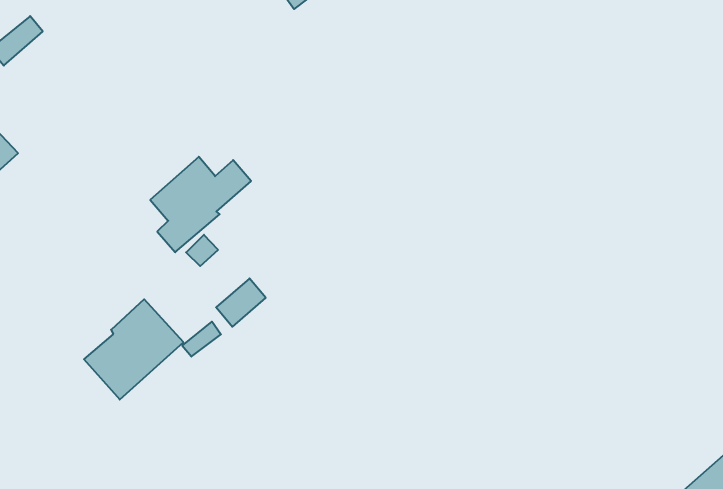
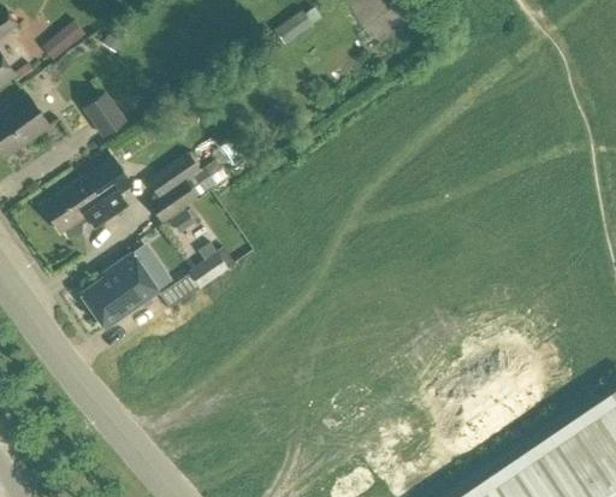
building: none -> [83,88,128,134]
building: none -> [42,165,128,238]

